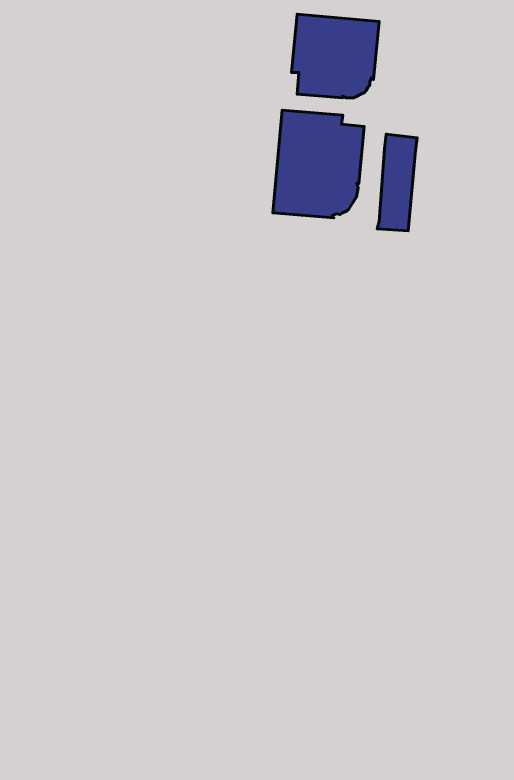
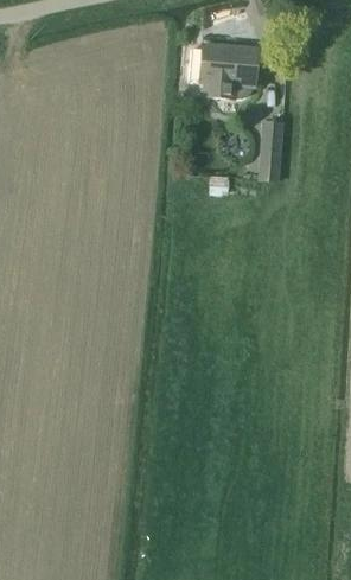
building: [273,110,364,218] -> none

